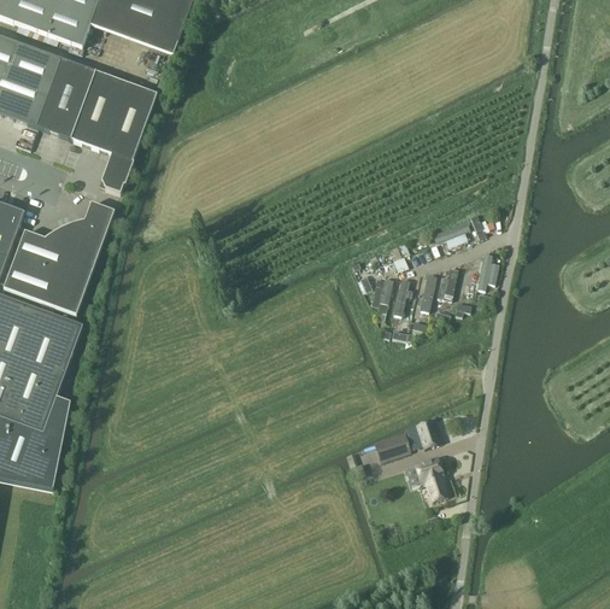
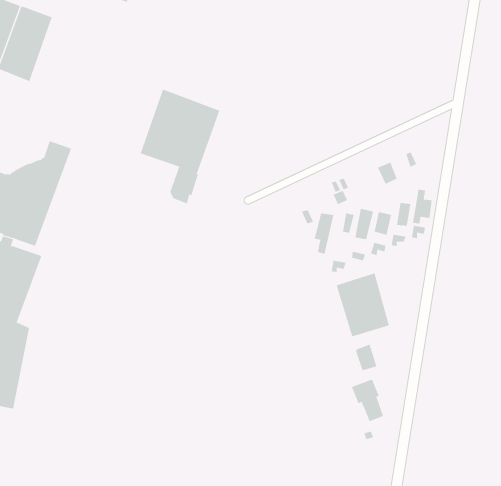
building: [69,69,154,192] -> [140,89,220,204]
building: none -> [336,272,389,337]
building: [374,432,409,458] -> none

